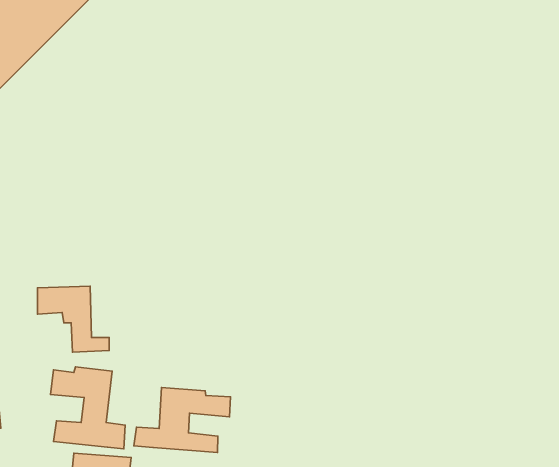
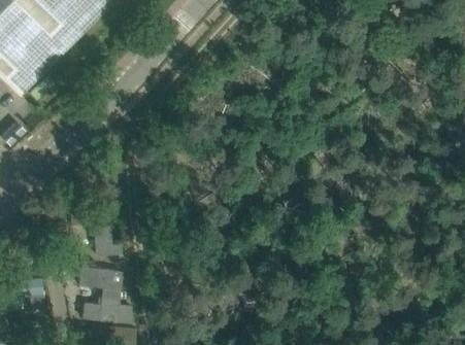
building: [134,388,230,453] -> none

